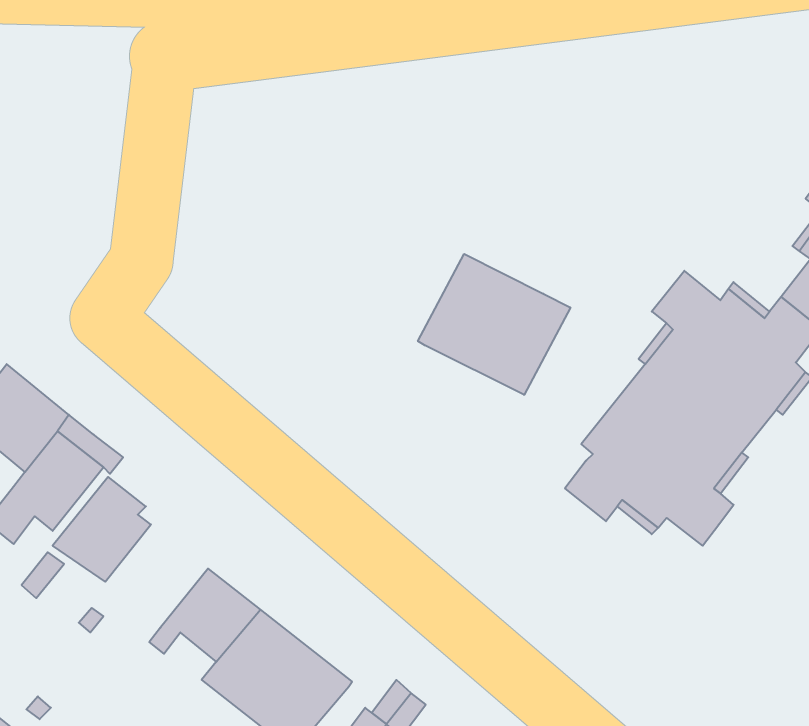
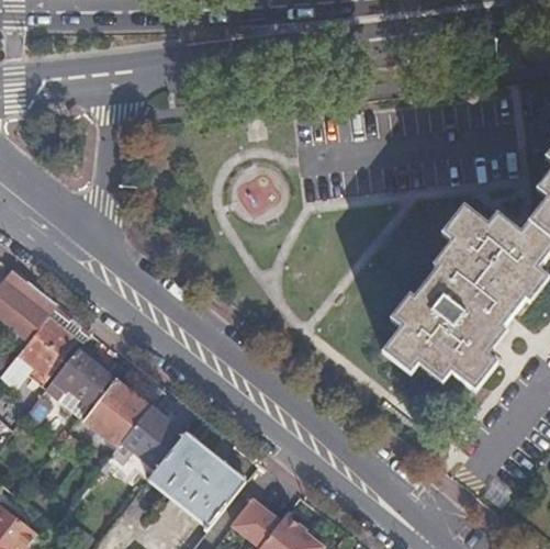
building: [418,254,570,395] -> none
building: none -> [76,374,159,444]

